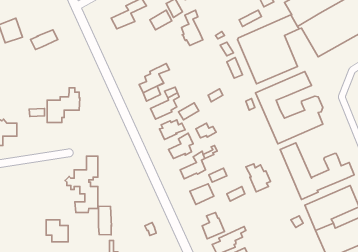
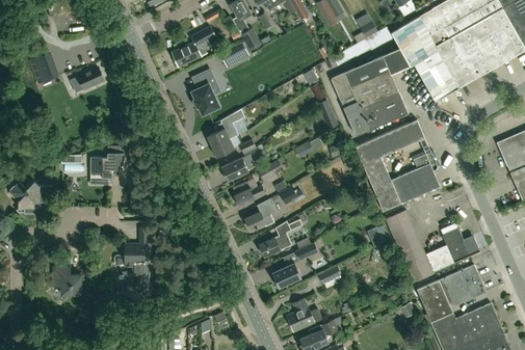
building: [181,10,203,46] -> [192,70,219,114]
building: [246,164,270,192] -> none
building: [98,206,111,235] -> none
building: [46,220,68,242] -> [53,267,81,295]

